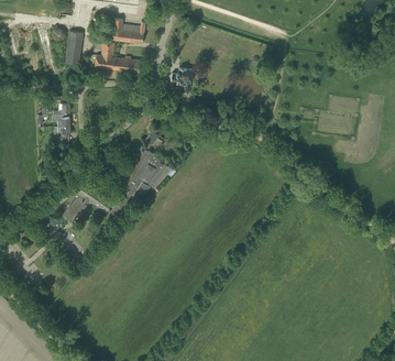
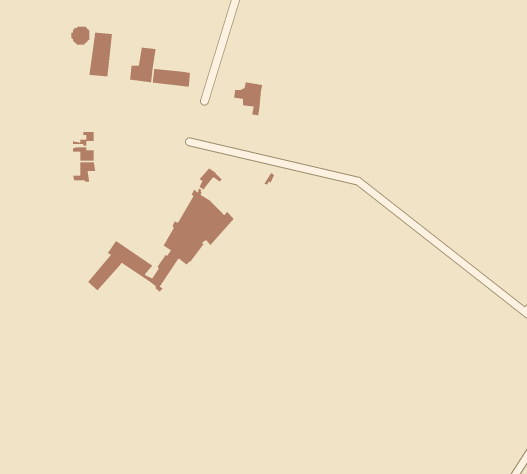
building: [112,18,145,43] -> none

